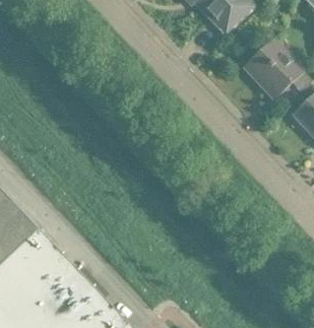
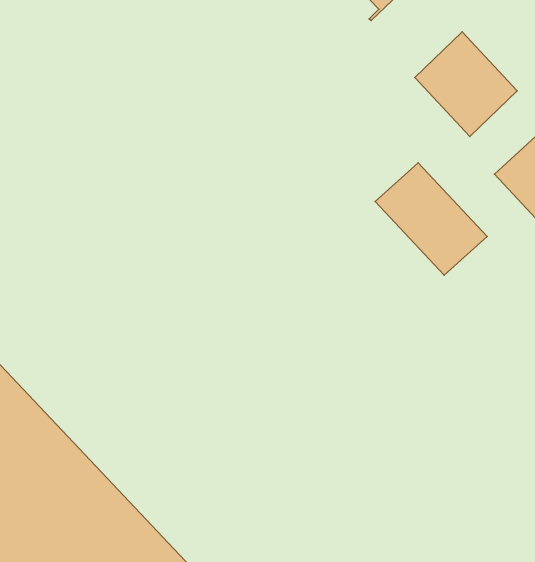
building: none -> [375,163,487,275]

